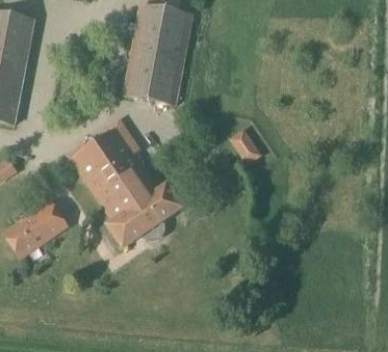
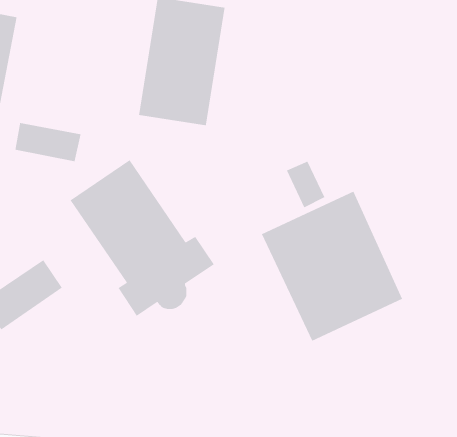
building: none -> [14,122,81,162]
building: none -> [261,191,403,342]

